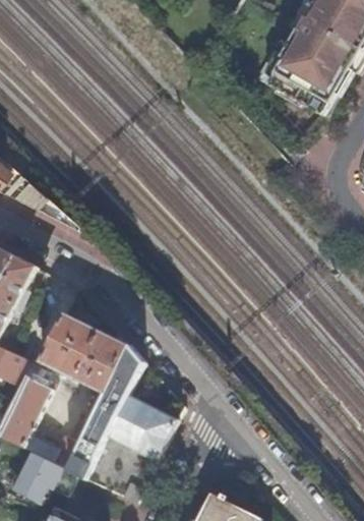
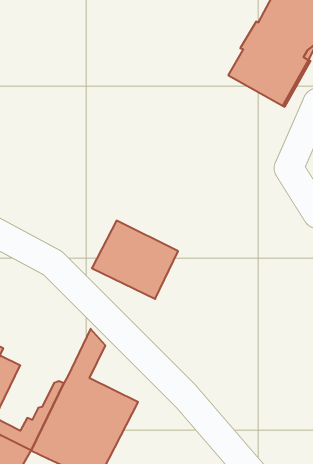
building: [40,311,128,392] -> [92,221,178,299]

